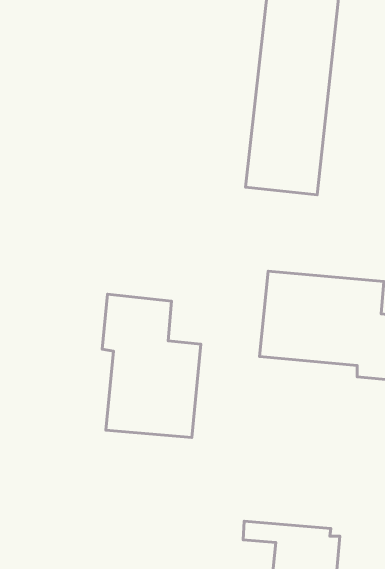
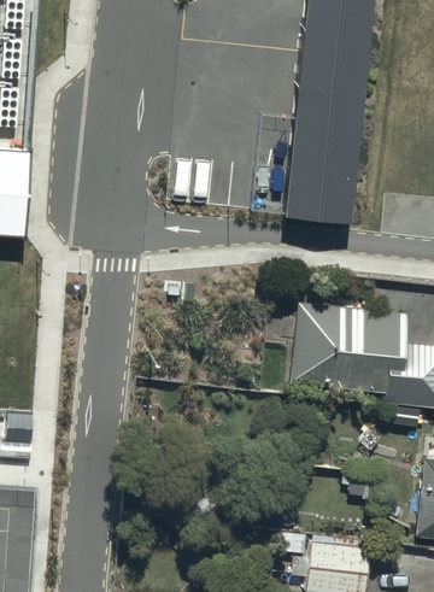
building: [102,294,201,437] -> none

